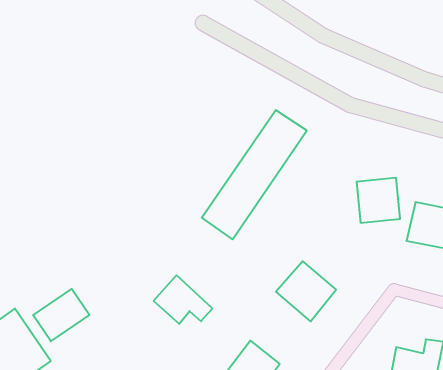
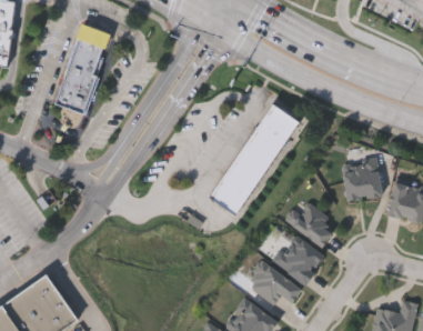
building: none -> [53,23,112,114]
building: none -> [292,203,332,247]
building: [154,275,212,324] -> [250,263,301,305]
building: [33,289,89,341] -> none

